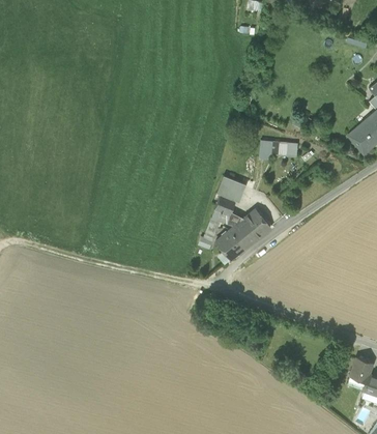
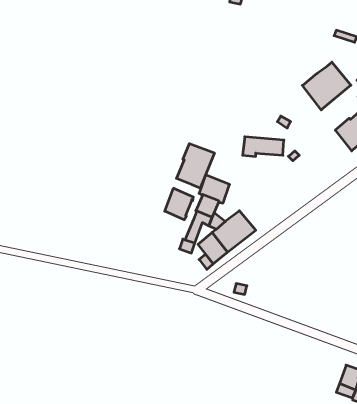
building: none -> [302,62,351,110]
building: none -> [176,144,214,188]
building: none -> [165,188,193,220]

